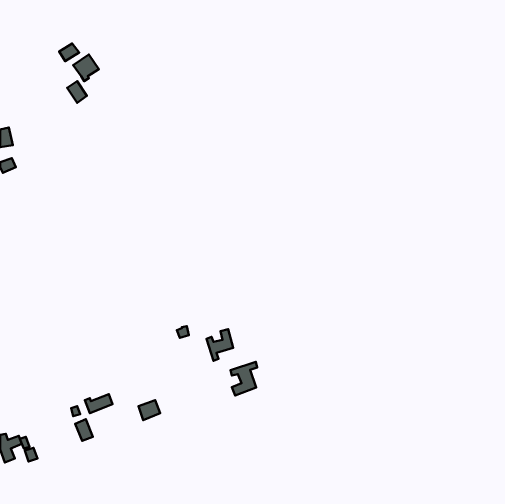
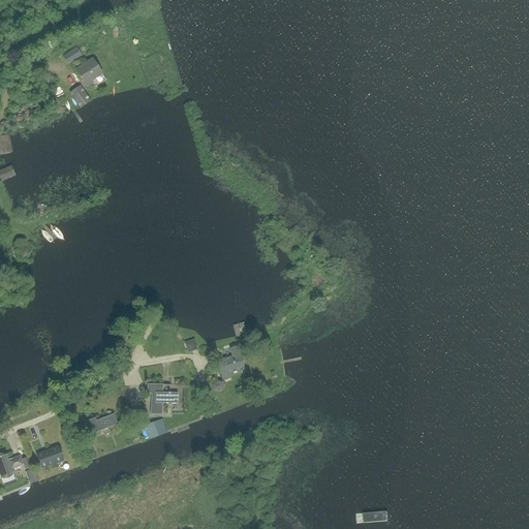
building: [230,362,257,395] -> none
building: none -> [147,383,178,413]
building: none -> [36,444,64,469]

